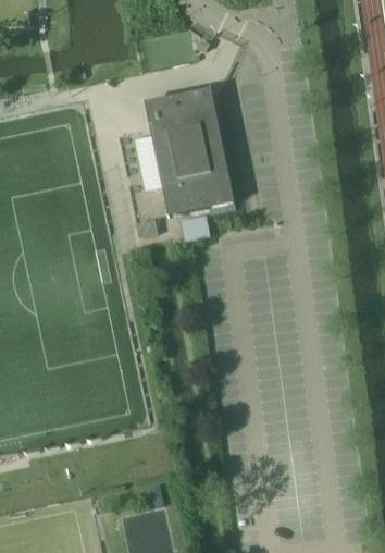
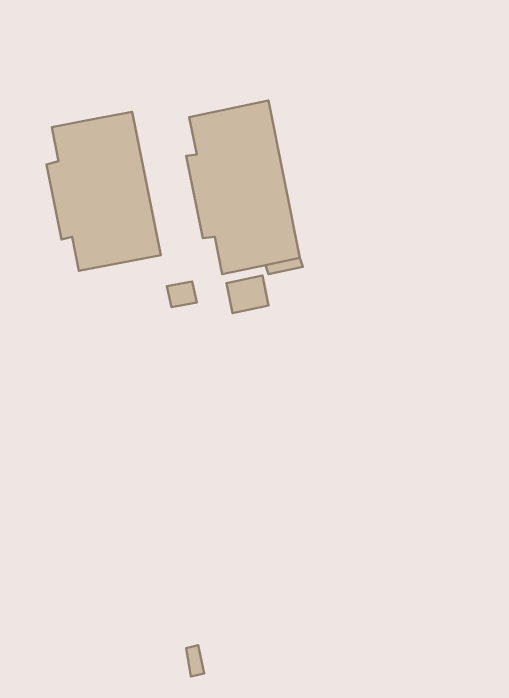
building: none -> [47,112,161,271]

